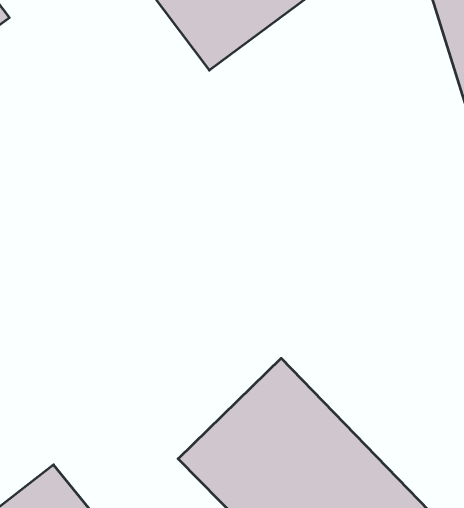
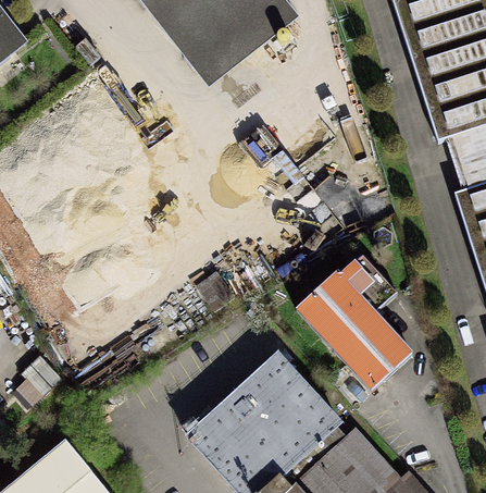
building: none -> [283,241,410,389]

